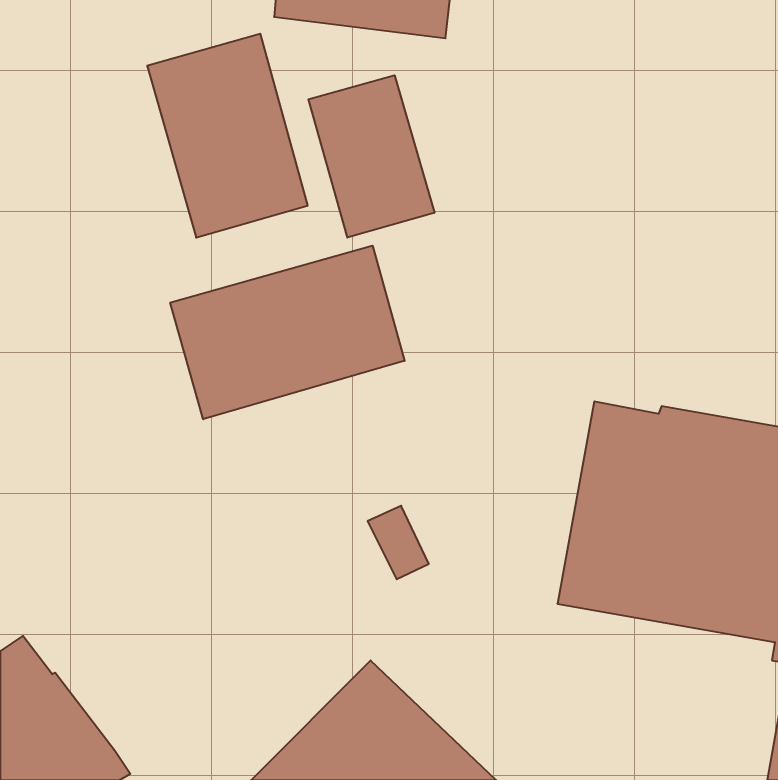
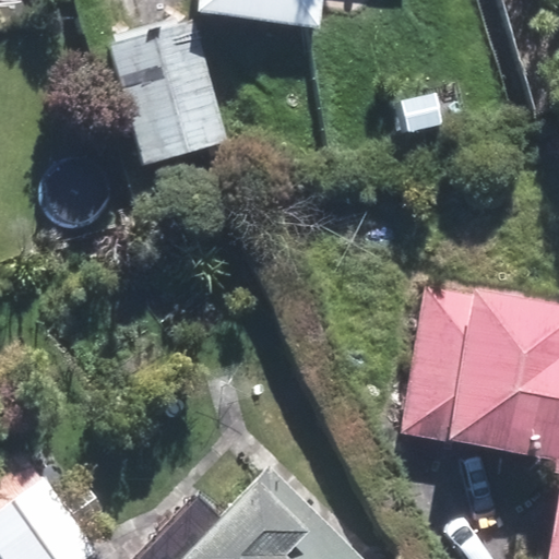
building: [308,75,434,238] -> none
building: [170,246,405,419] -> none

